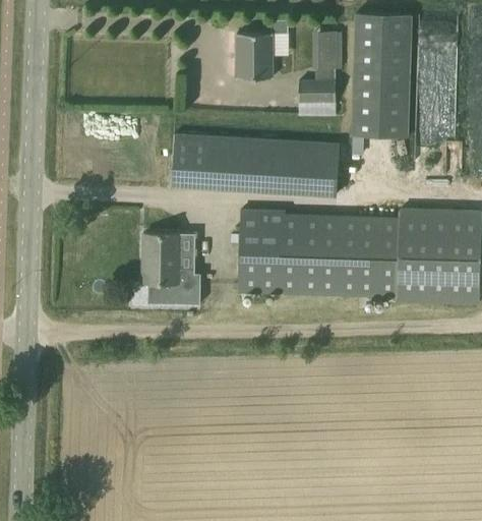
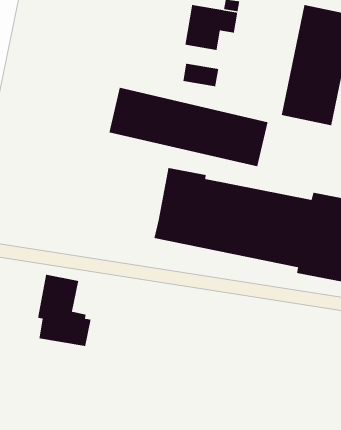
building: [313,32,342,69] -> none
building: [299,81,336,102] -> [182,63,219,87]
building: [143,234,201,304] -> [37,274,92,347]

